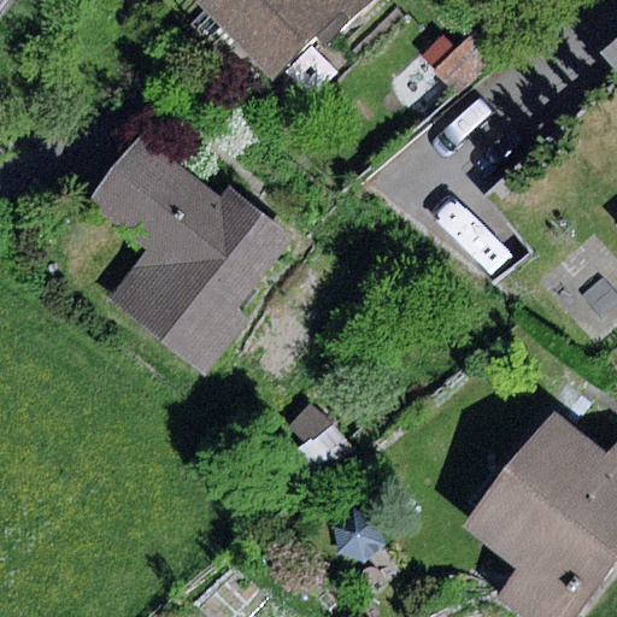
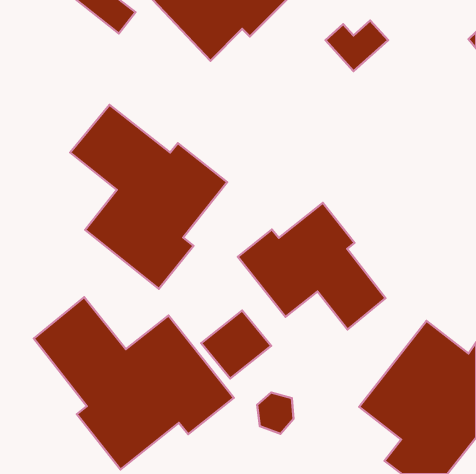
building: none -> [238,203,386,329]
building: none -> [34,297,234,469]

